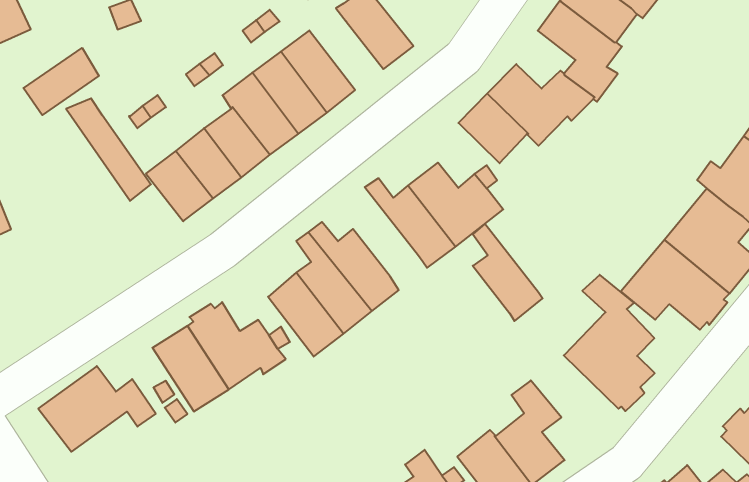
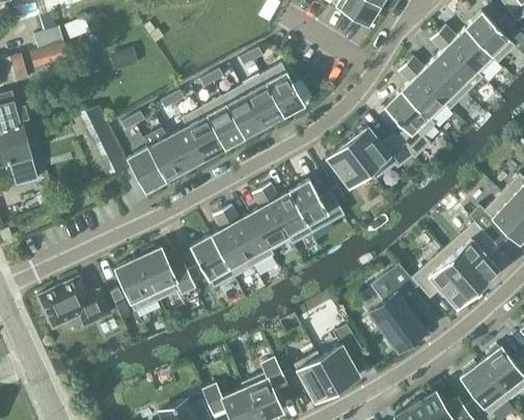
building: none -> [241,75,283,128]
building: [23,48,99,115] -> none
building: [473,224,543,321] -> [249,189,289,252]

